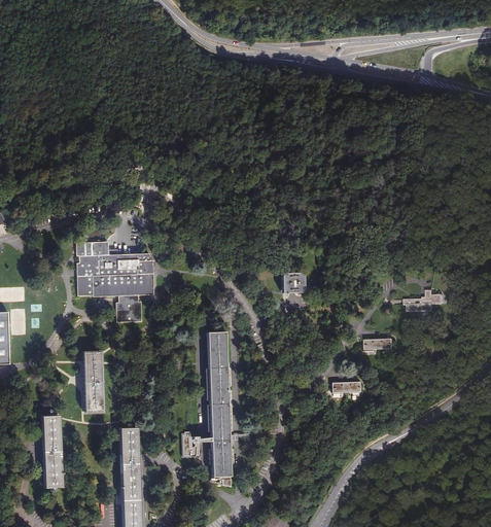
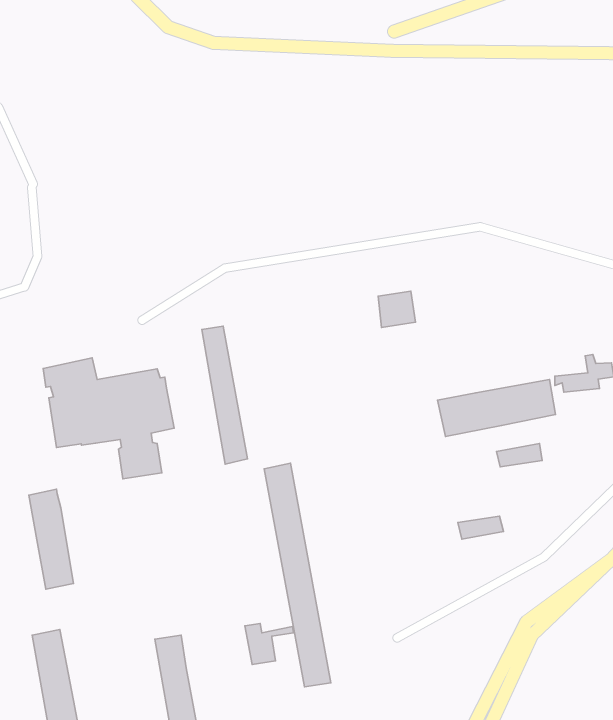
building: none -> [202,326,247,464]
building: [278,274,301,294] -> [378,291,416,327]
building: none -> [438,379,556,437]
building: [83,351,104,415] -> [29,489,74,589]

